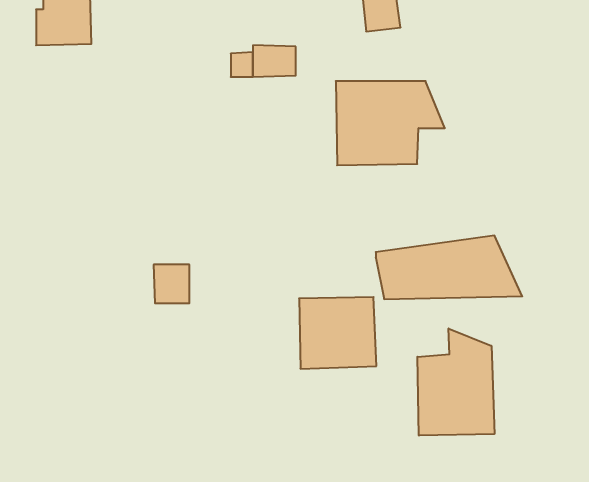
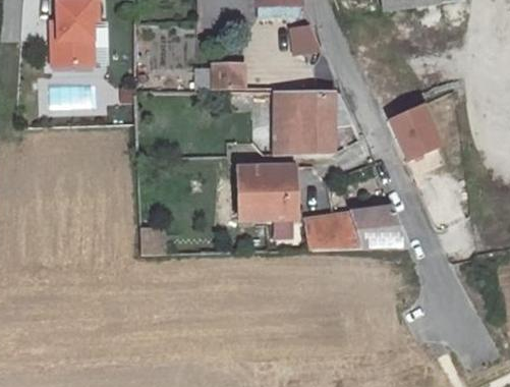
building: none -> [388,104,445,166]
building: [299,297,376,369] -> [237,166,294,219]
building: [417,328,494,436] -> none

